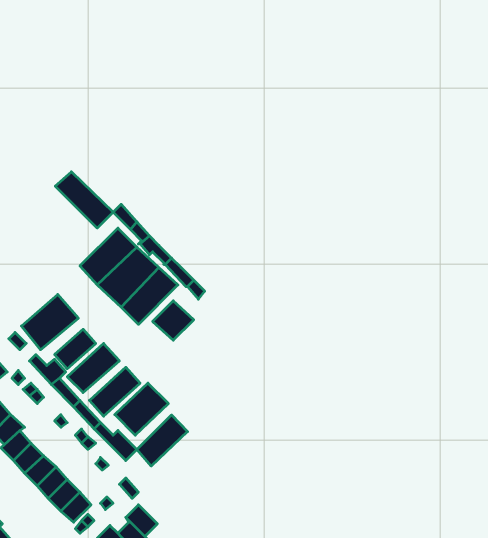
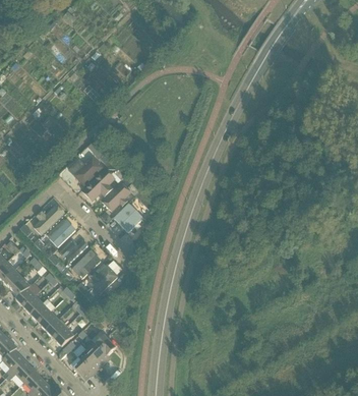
building: [55,172,113,228] -> none
building: [137,415,188,466] -> none

